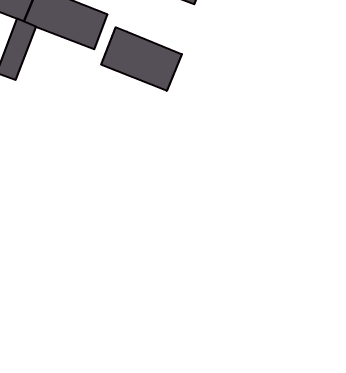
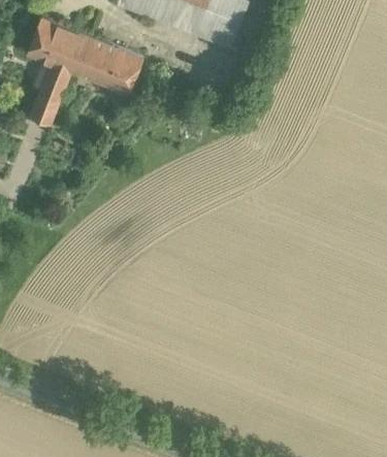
building: [101,27,182,91] -> none

